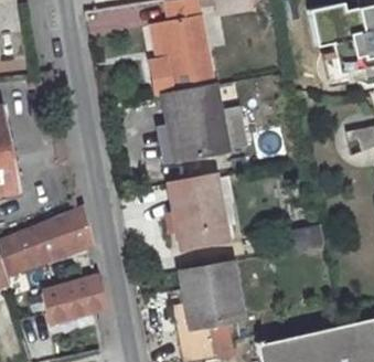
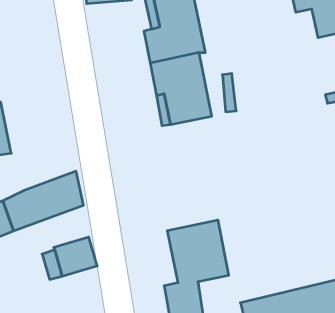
building: [164,174,232,251] -> none

